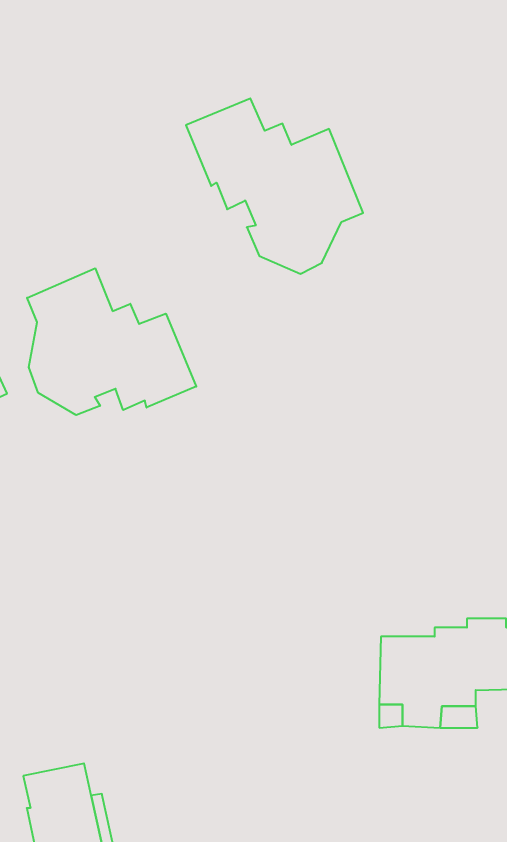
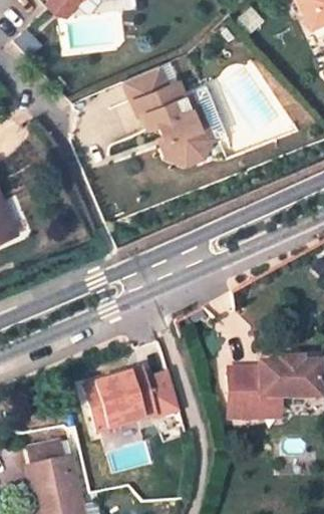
building: [27,268,196,415] -> none
building: none -> [85,368,181,432]

